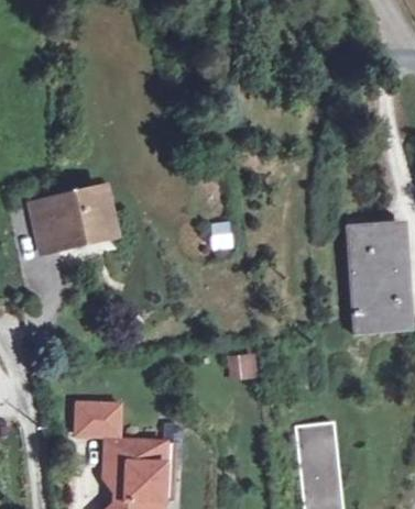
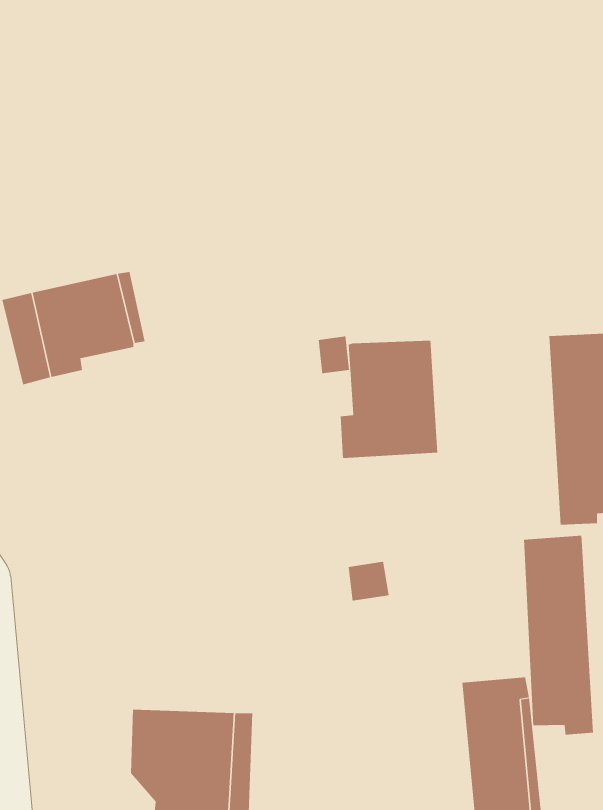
building: none -> [340,340,438,459]
building: none -> [523,535,594,735]
building: [77,403,119,435] -> none

